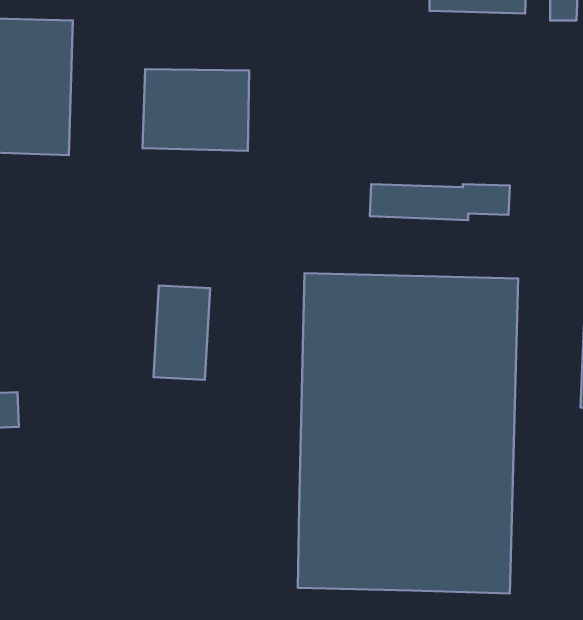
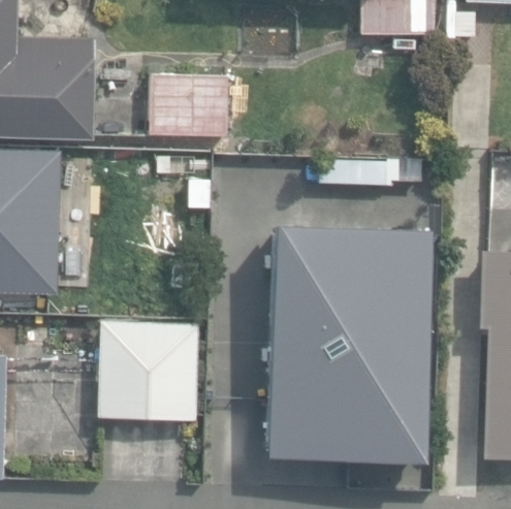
building: none -> [92,318,205,428]

